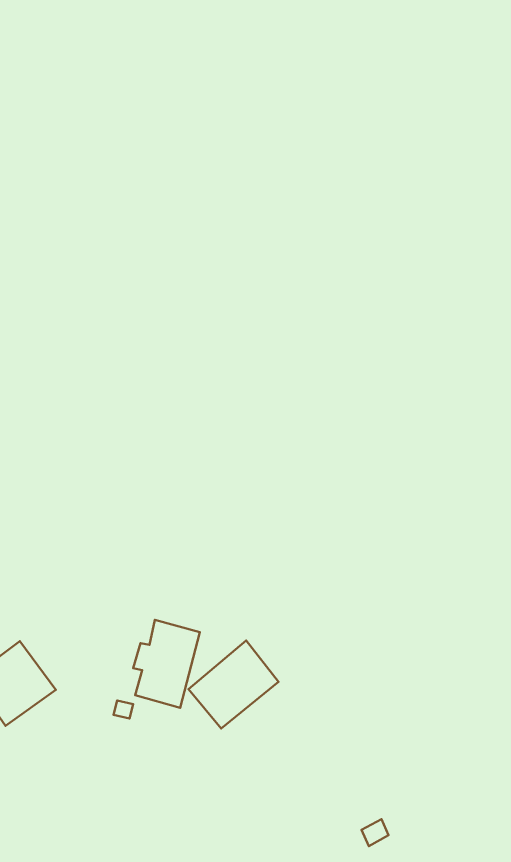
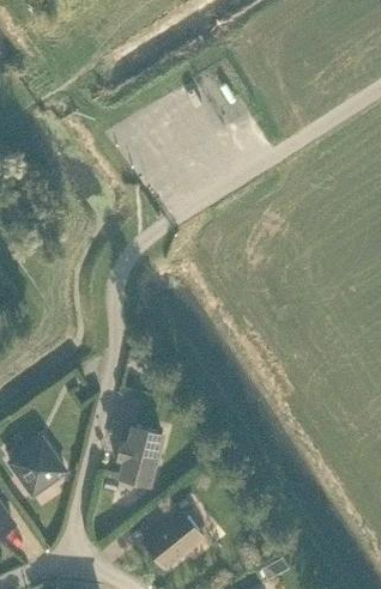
building: [189,641,279,729] -> [143,511,202,570]

